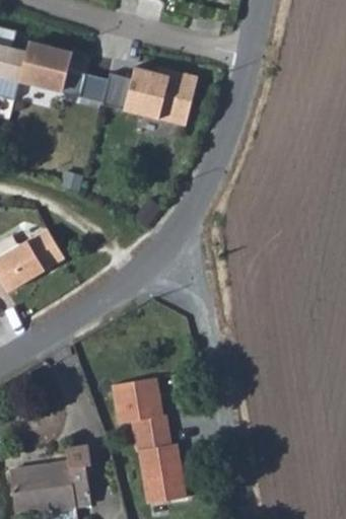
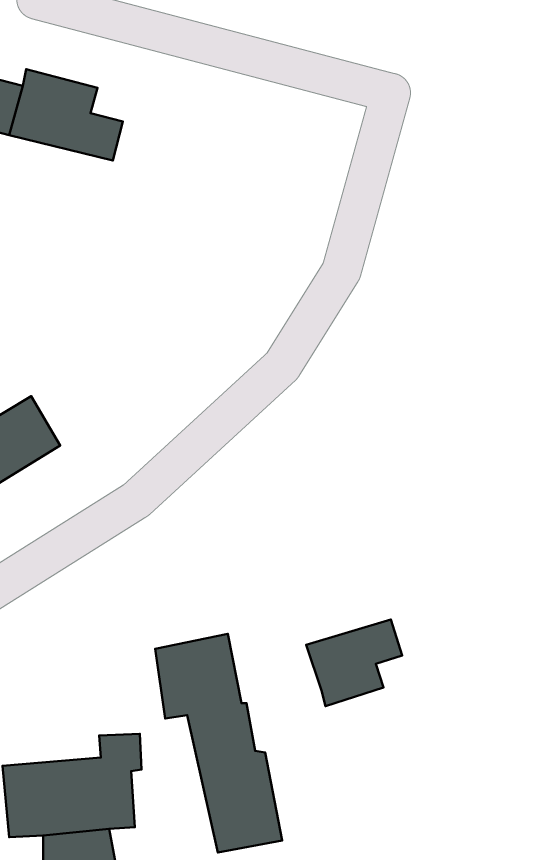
building: [105,66,201,125] -> none
building: none -> [306,619,402,706]

